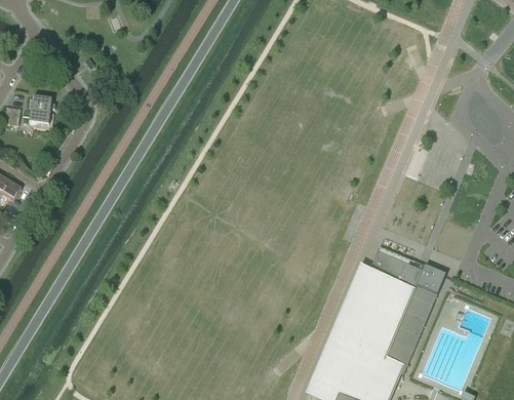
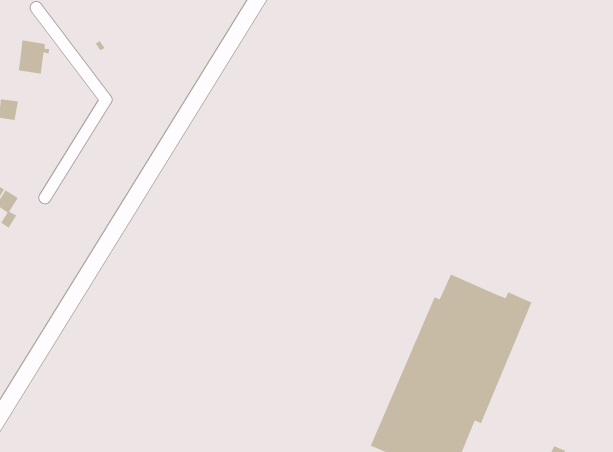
building: [27,95,53,124] -> [18,40,50,74]

